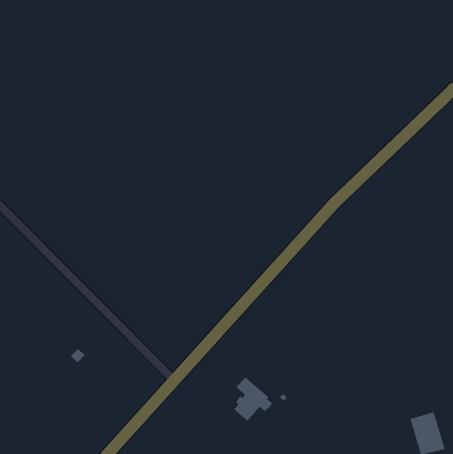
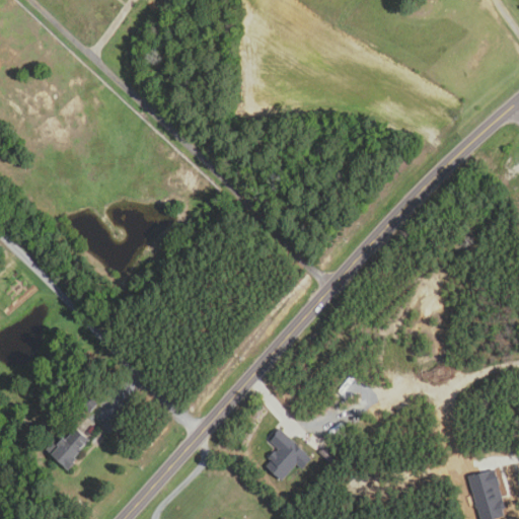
building: none -> [46,429,88,470]

